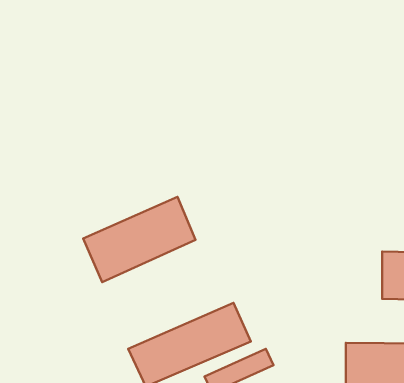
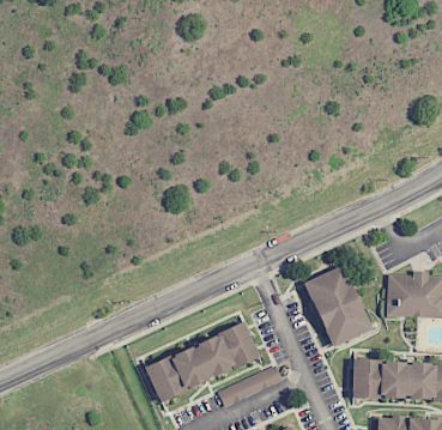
building: [83,197,196,282] -> none
building: none -> [304,265,371,347]

